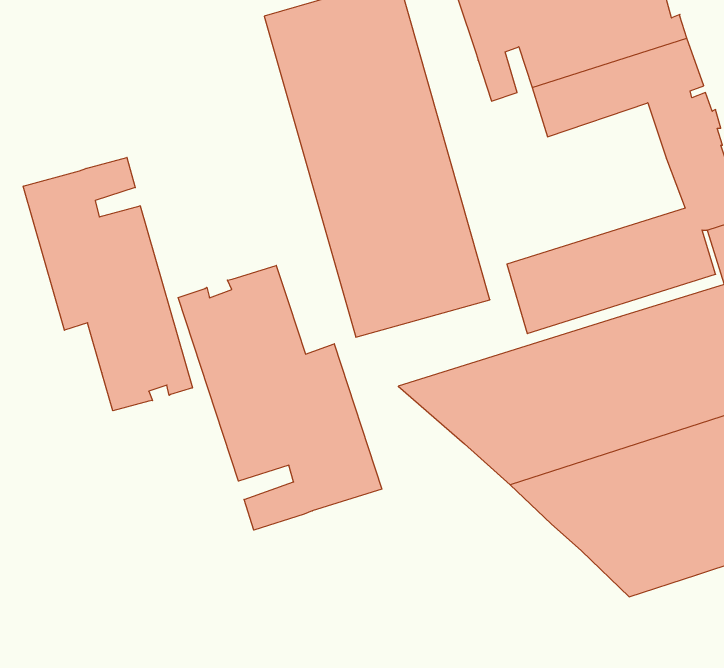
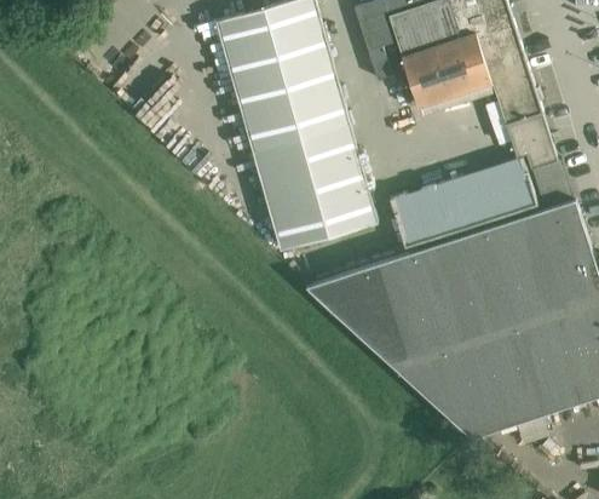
building: [23,157,192,411] -> none
building: [178,265,382,530] -> none

